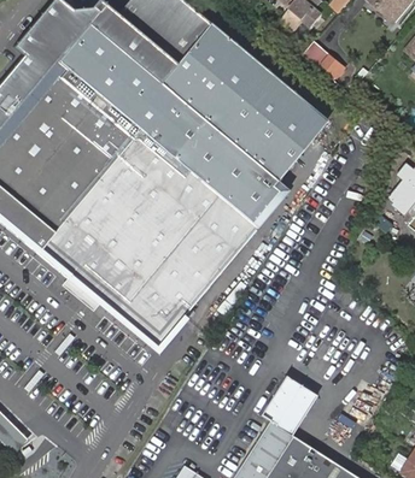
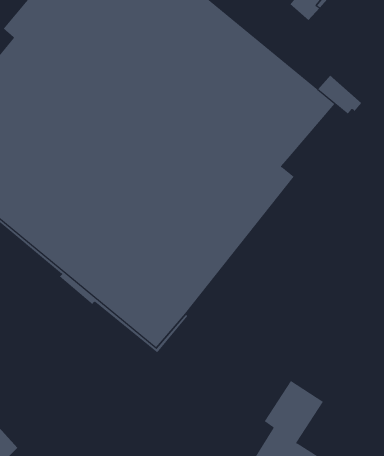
building: [304,41,346,78] -> [318,75,362,115]

